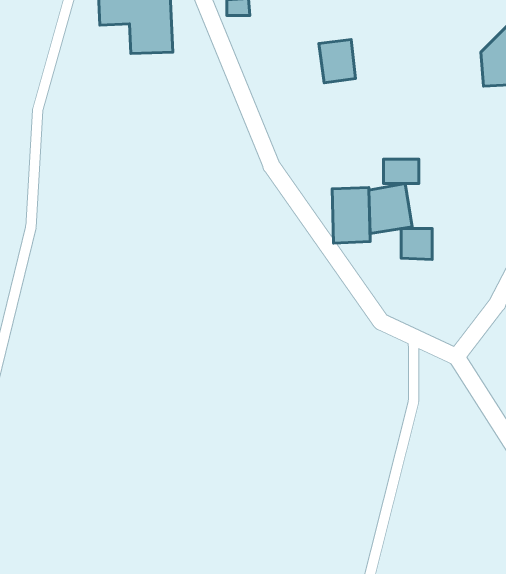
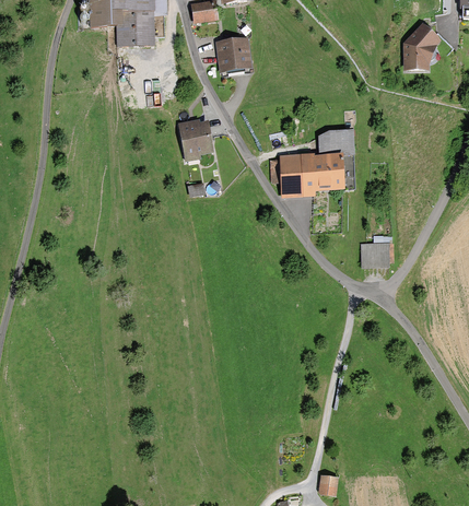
building: [319,39,355,83] -> [218,38,247,73]
building: none -> [176,120,212,157]
building: [401,229,432,260] -> [363,243,388,268]

